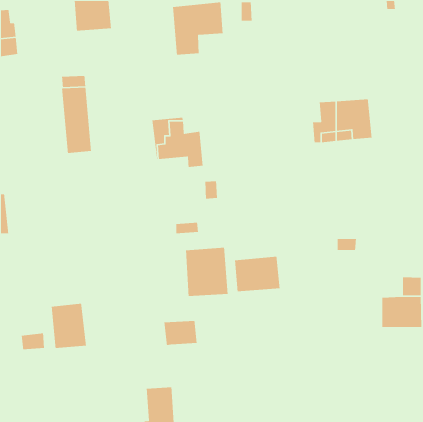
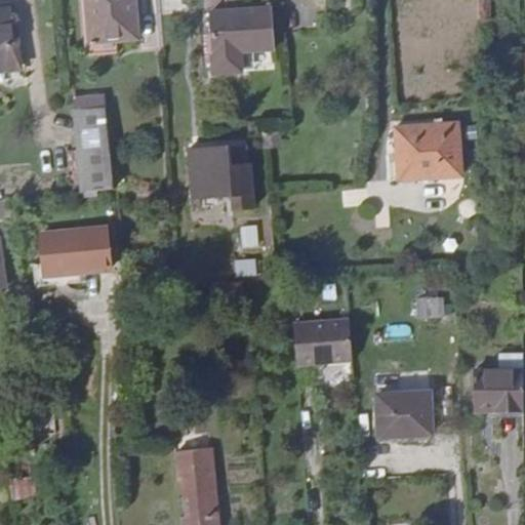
building: none -> [40,224,110,283]
building: [185,247,228,297] -> none
building: [51,303,87,349] -> none
building: none -> [374,388,422,431]
building: [164,320,198,346] -> [171,451,213,483]

